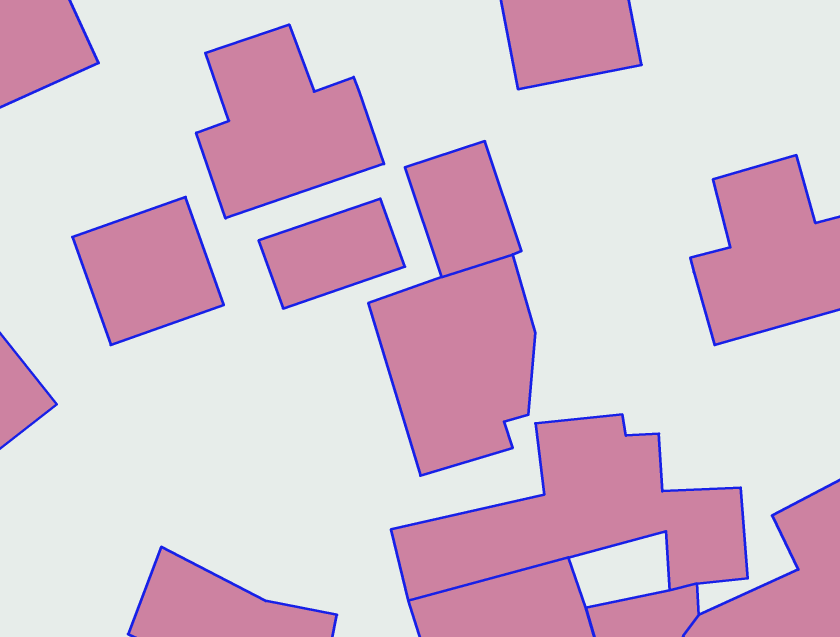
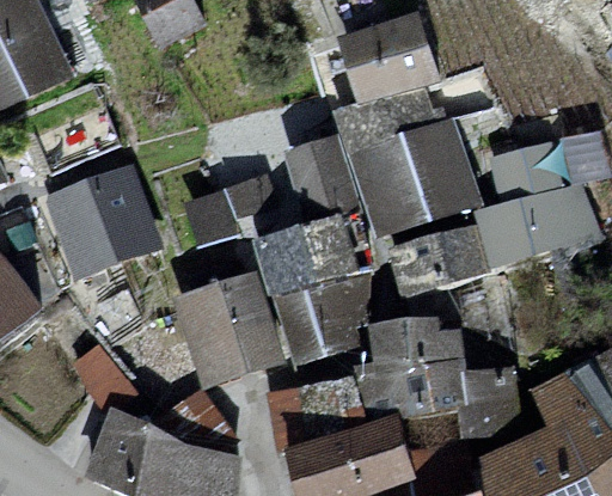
building: [196,25,384,218] -> none
building: none -> [353,123,477,234]
building: none -> [390,222,494,298]
building: none -> [176,273,281,386]

